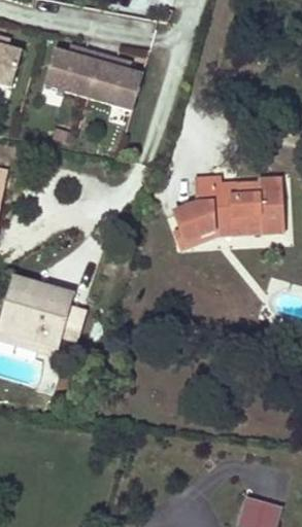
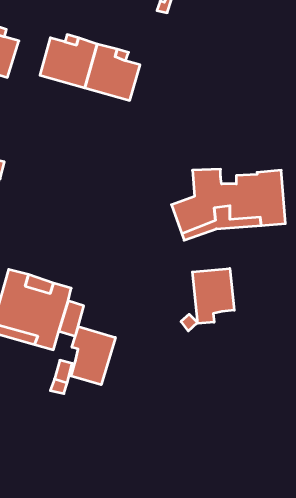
building: none -> [192,268,234,323]
building: none -> [71,326,115,385]

